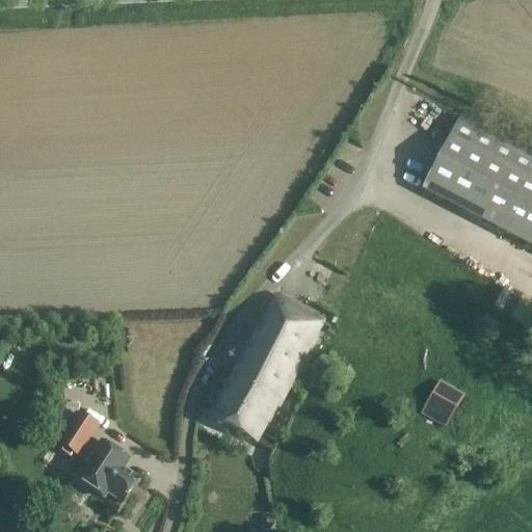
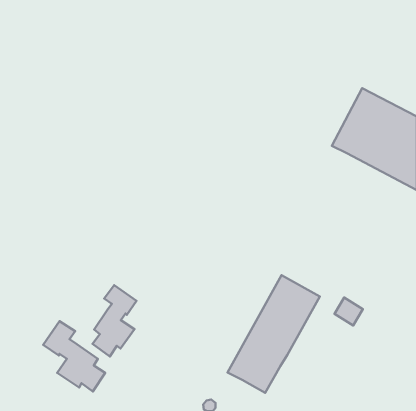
building: [210,290,327,440] -> [228,275,320,393]
building: none -> [93,285,137,356]

